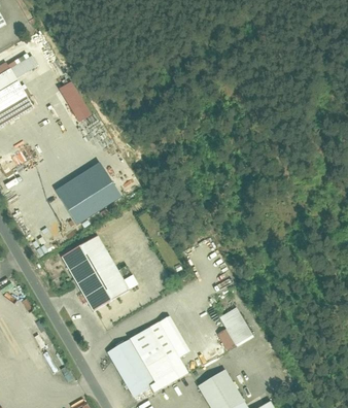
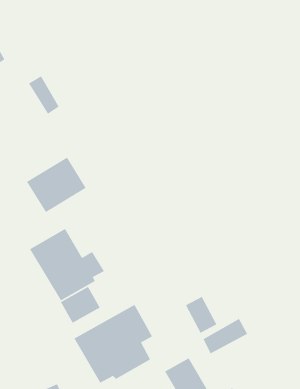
building: none -> [60,286,100,323]
building: none -> [203,318,248,354]

